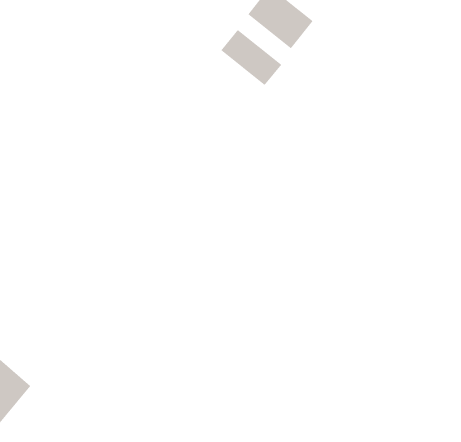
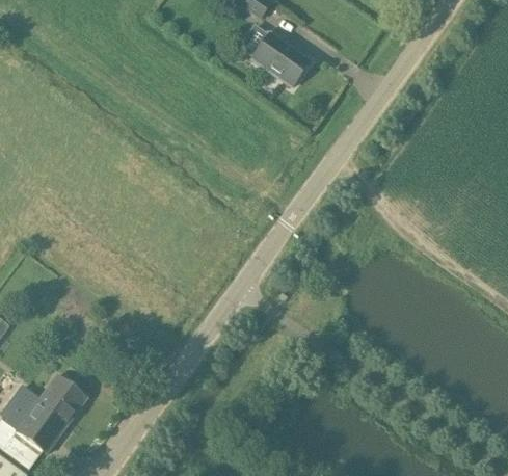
building: [220,29,282,86] -> none

